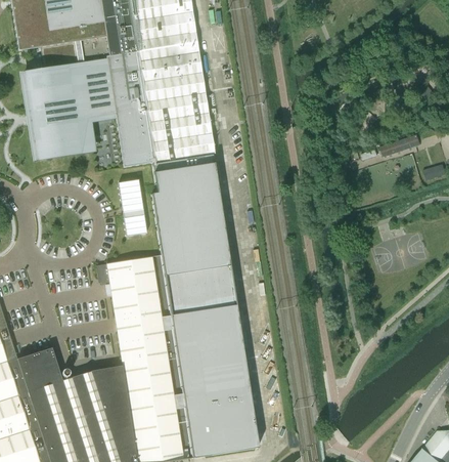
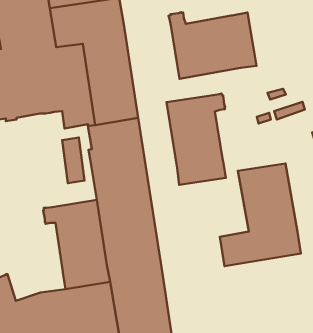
building: none -> [169,12,256,79]
building: none -> [166,93,226,185]
building: none -> [220,163,301,266]

